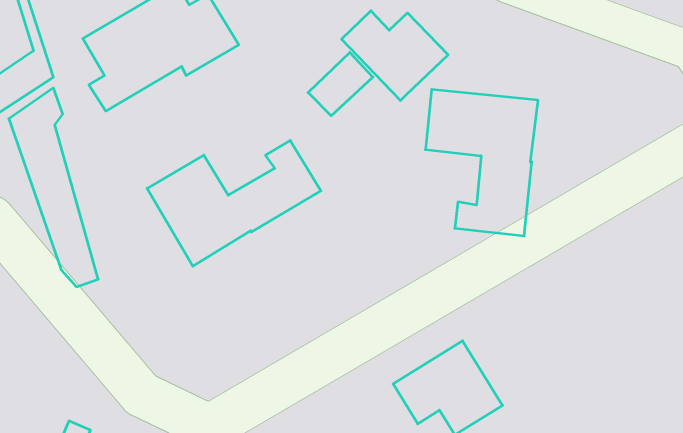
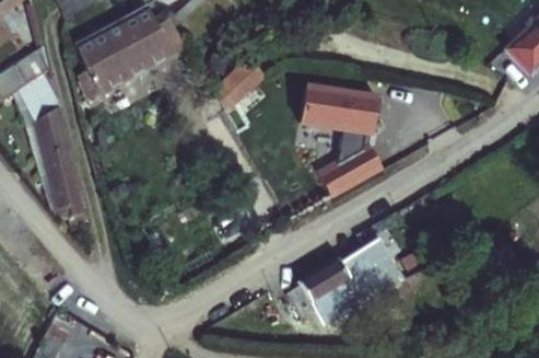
building: [342,11,448,101] -> none
building: [147,140,321,266] -> none
building: none -> [339,241,405,305]

